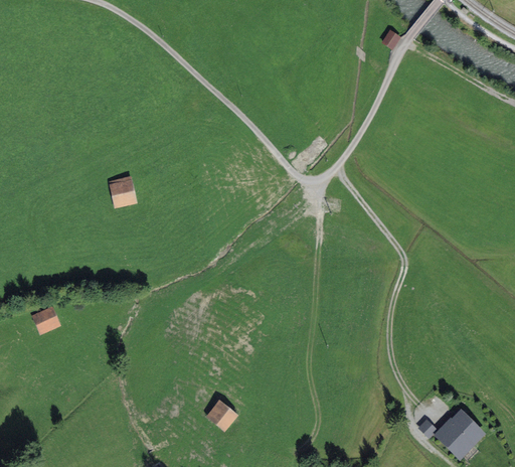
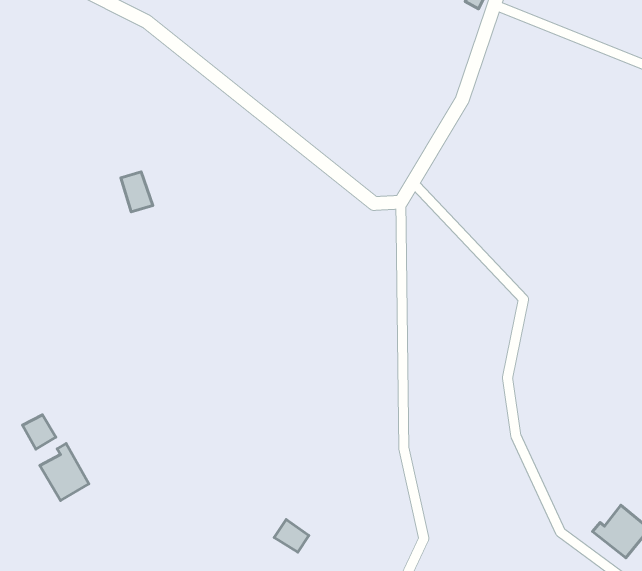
building: [113,177,134,205] -> [121,172,153,212]
building: none -> [40,444,89,501]

